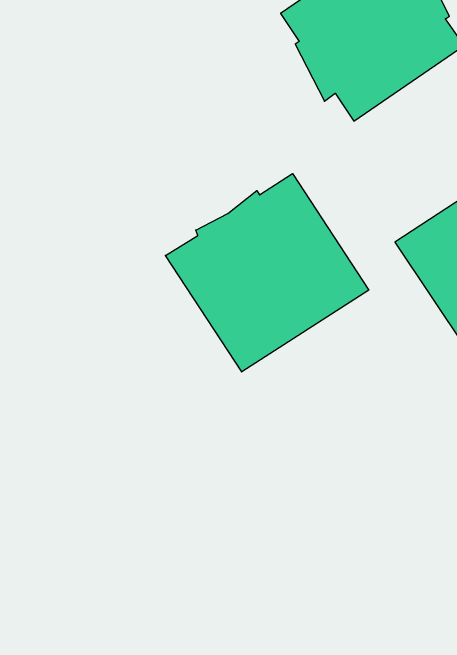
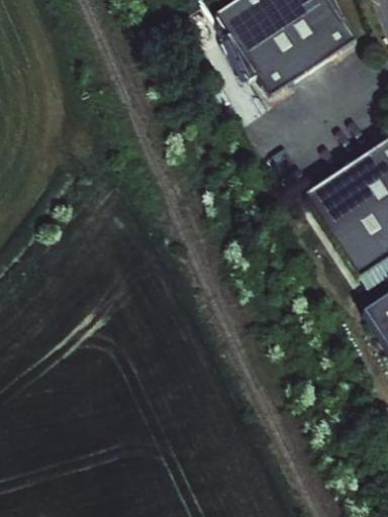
building: [165,174,369,372] -> none

